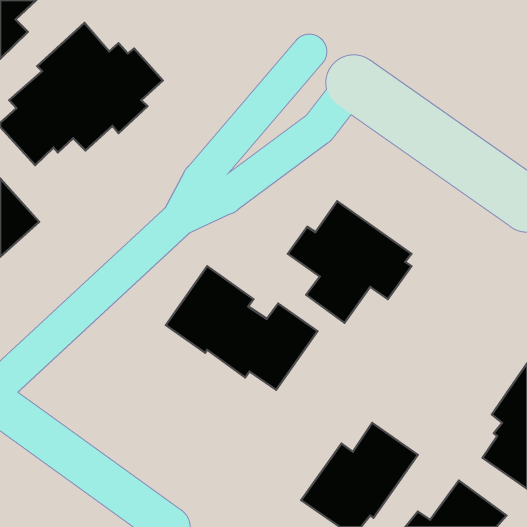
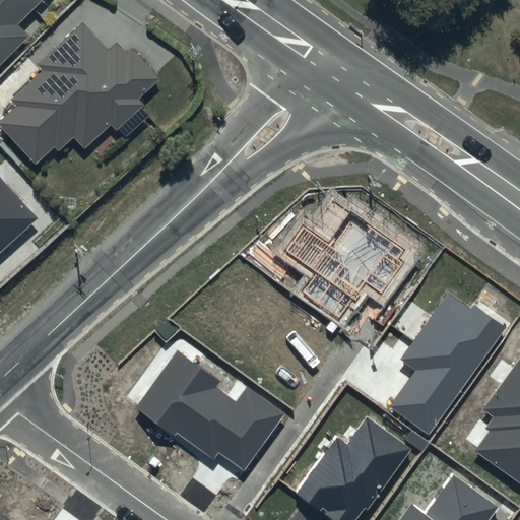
building: [166,266,317,390] -> [136,349,285,471]
building: none -> [390,294,506,434]

